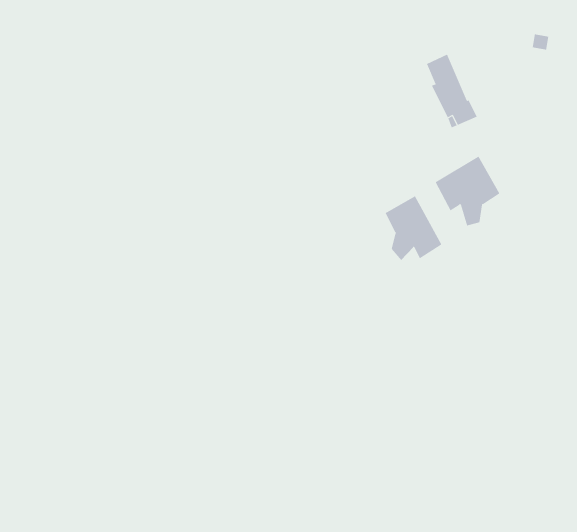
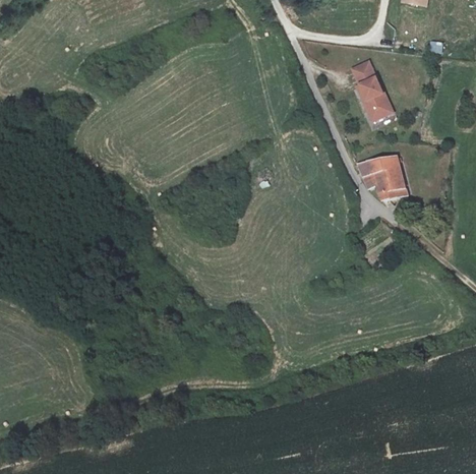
building: [385,195,442,261] -> none

